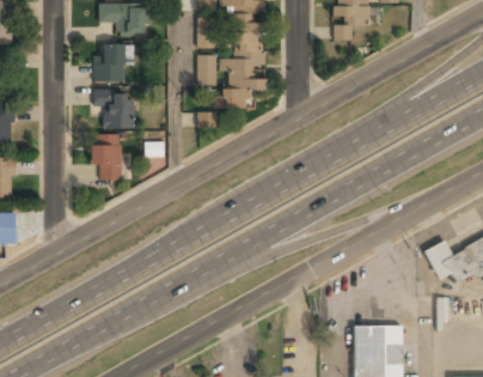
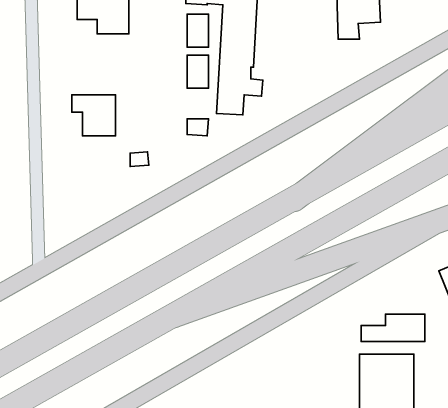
building: [94,44,127,81] -> none
building: [92,134,122,181] -> none
building: none -> [361,314,425,342]

